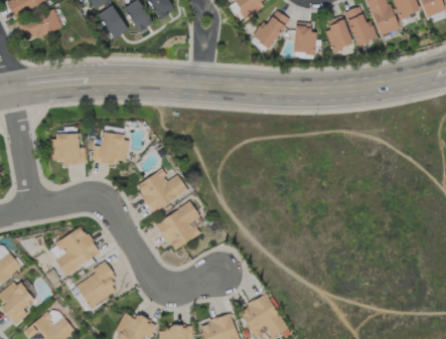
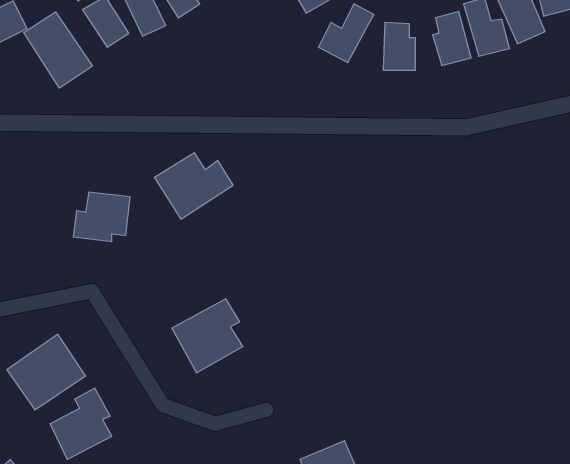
building: none -> [24,12,92,88]
building: [52,133,87,164] -> none
building: [136,169,187,212] -> [154,153,233,219]

